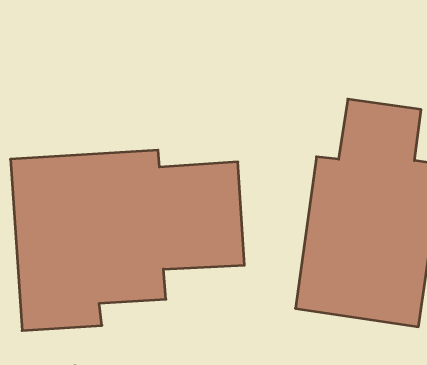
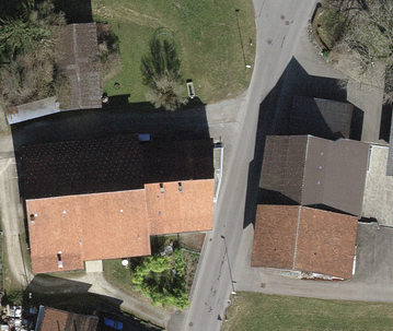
building: none -> [57,22,105,105]

